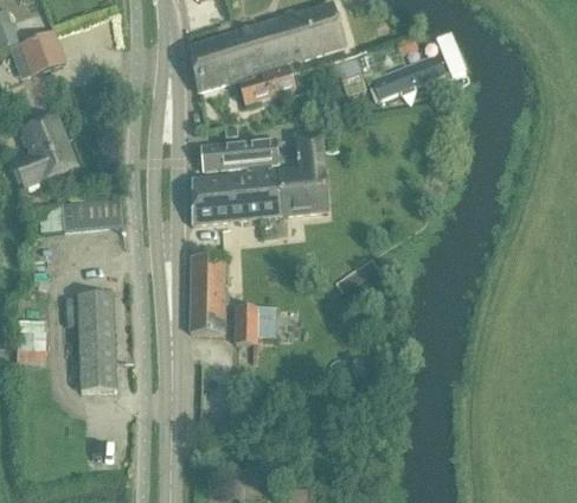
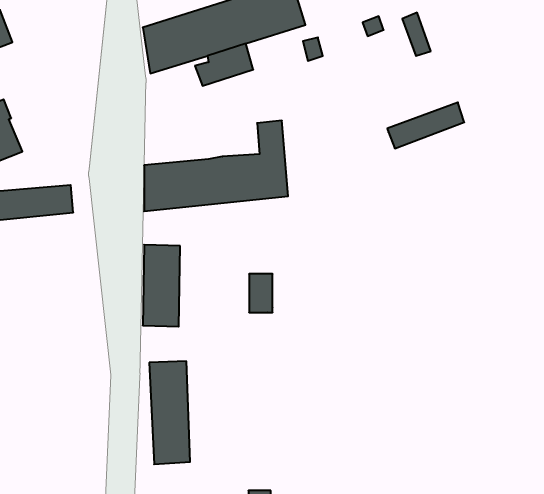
building: [371,53,444,97] -> [387,102,464,148]
building: [203,139,280,173] -> none
building: [76,293,115,391] -> [149,361,190,464]
building: [236,307,258,344] -> [249,274,273,312]

